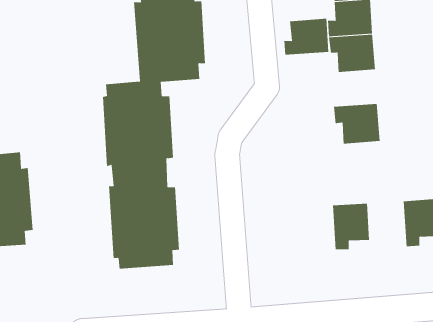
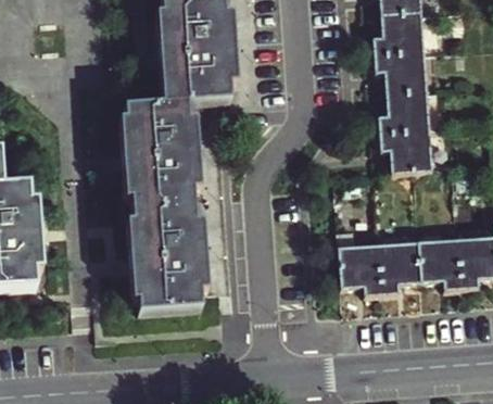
building: [283,18,329,55] -> [379,89,430,130]
building: none -> [419,237,462,289]
building: none -> [338,241,382,293]

